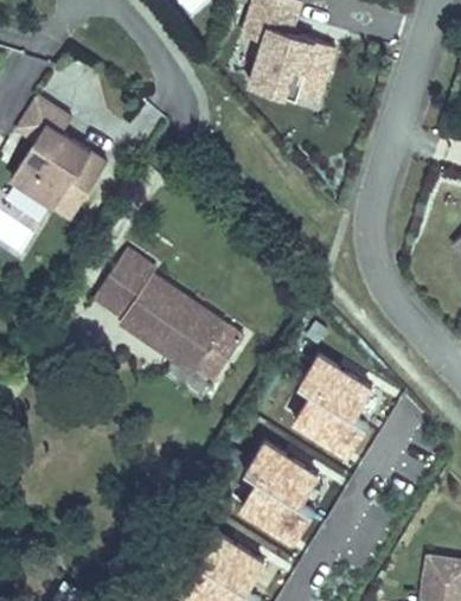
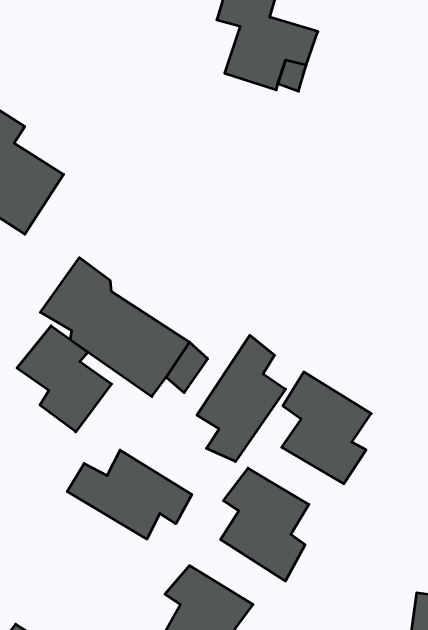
building: none -> [17,326,112,432]
building: none -> [197,335,286,462]
building: none -> [67,450,192,539]

